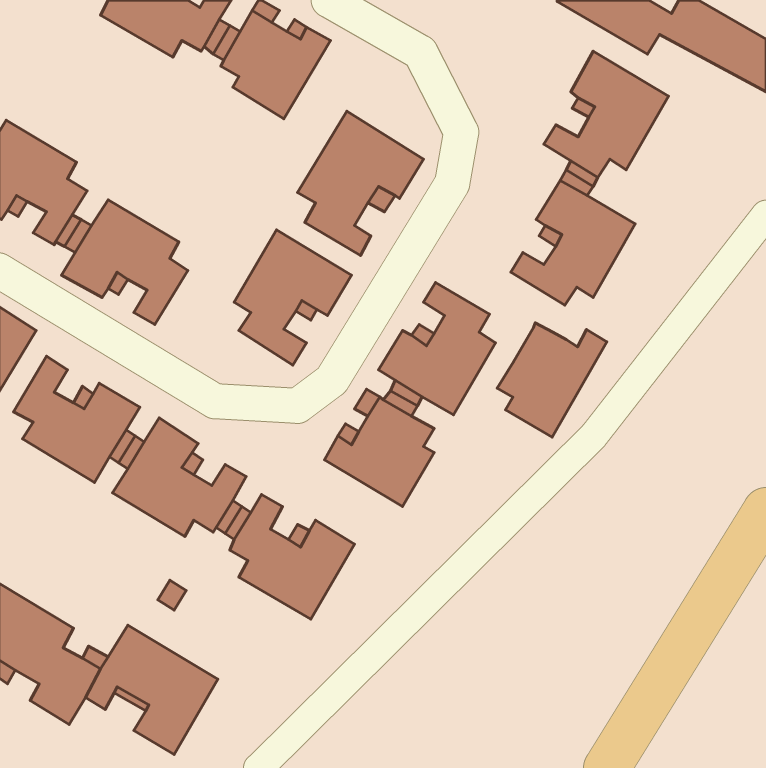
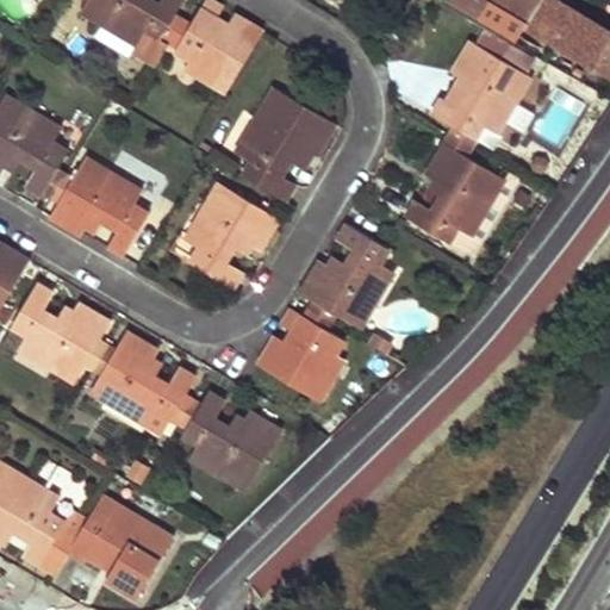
building: [497,323,607,437] -> none

